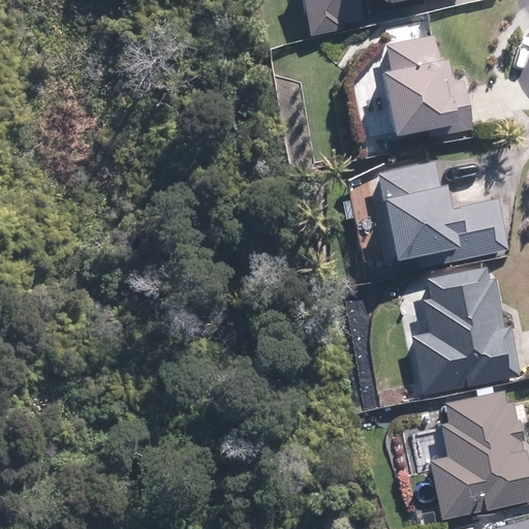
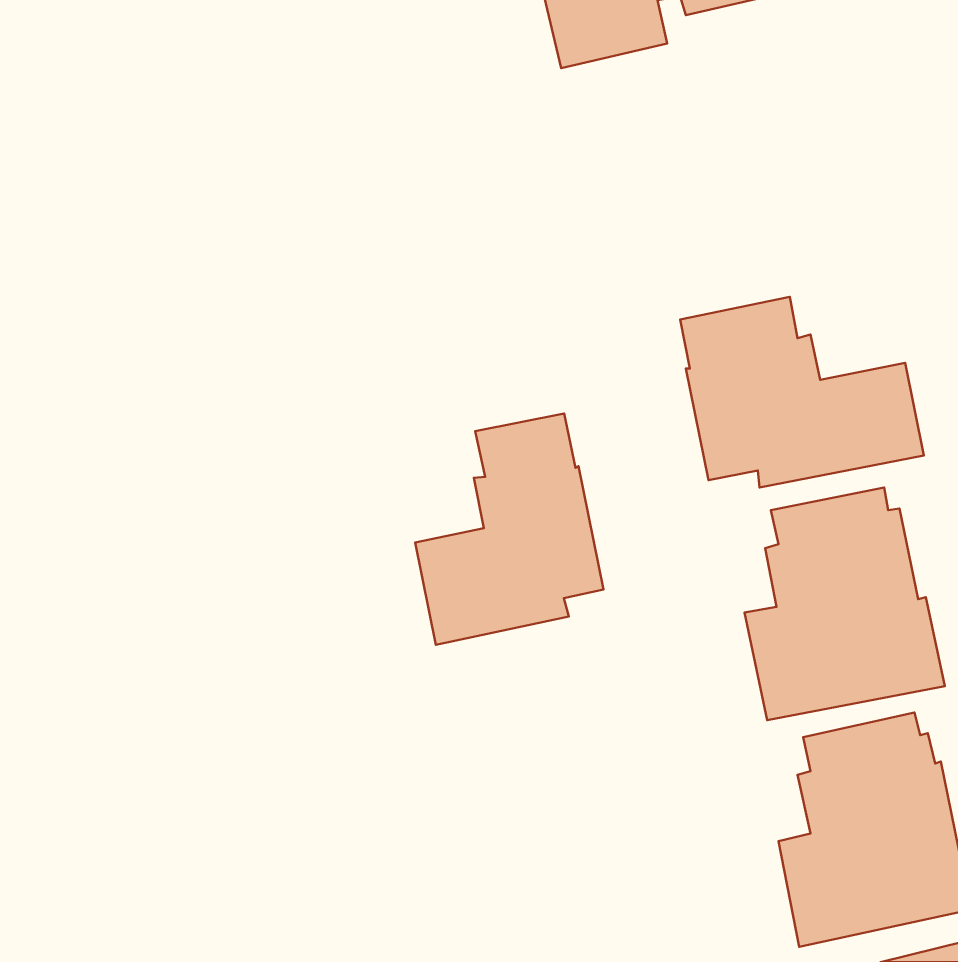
building: [379,35,474,138] -> none
building: none -> [415,414,603,645]

